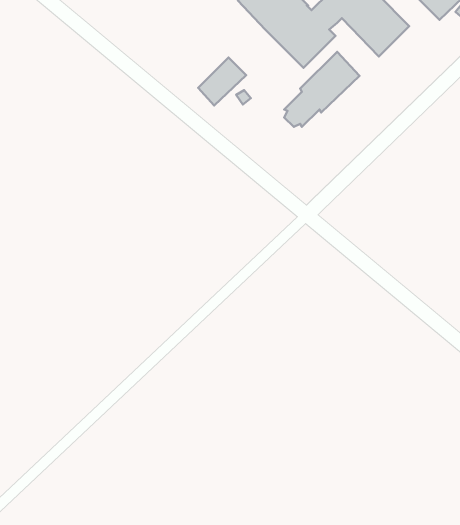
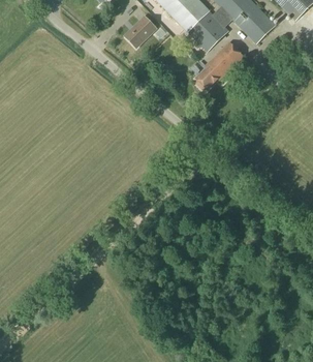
building: [198,57,246,105] -> [124,16,155,47]

